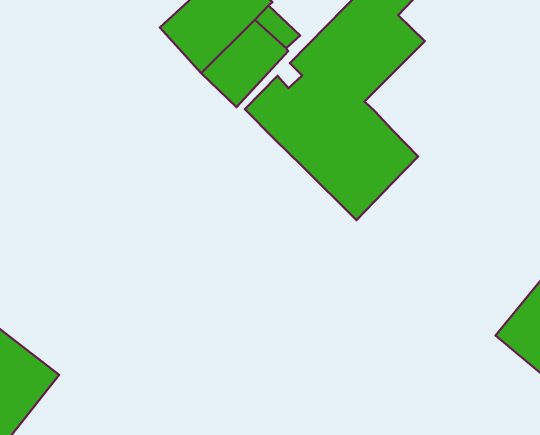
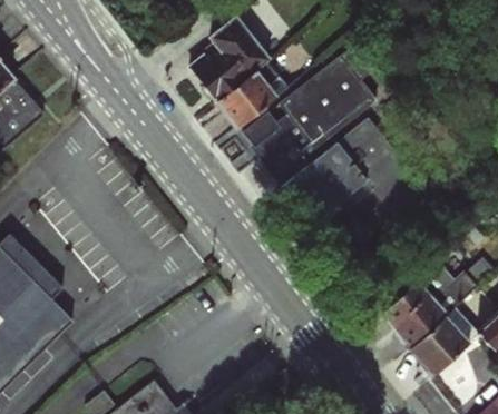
building: none -> [332,124,426,223]

